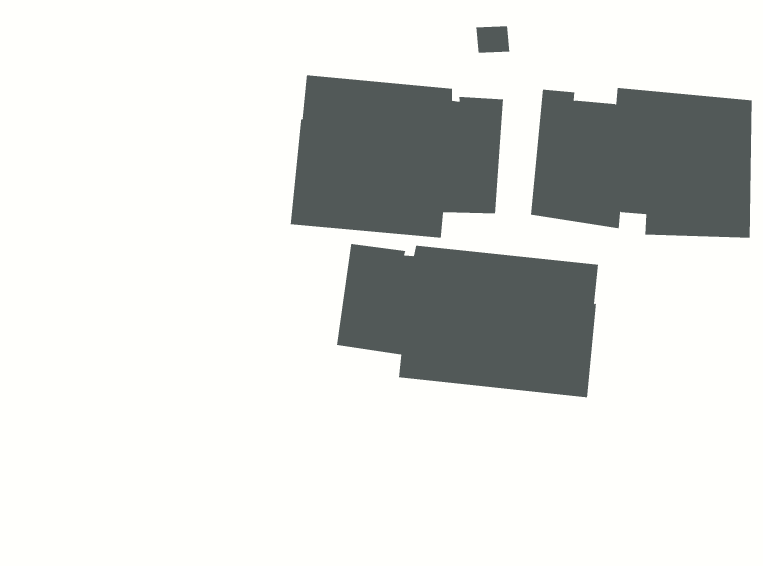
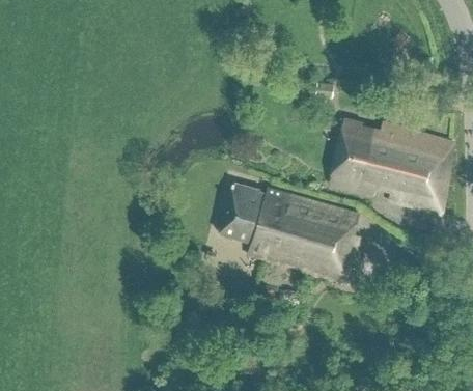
building: [290,75,504,239] -> none

